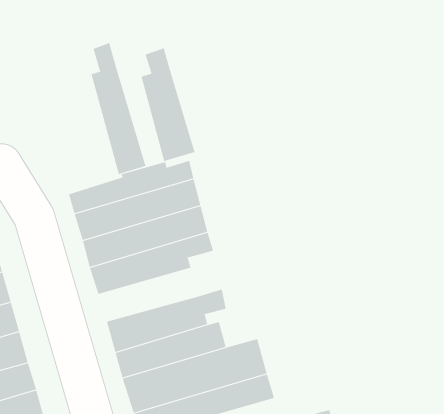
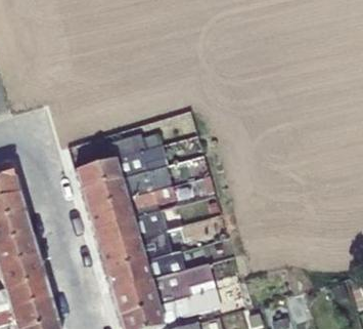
building: [91,42,146,175] -> none
building: [141,47,195,162] -> none
building: none -> [94,213,167,252]

